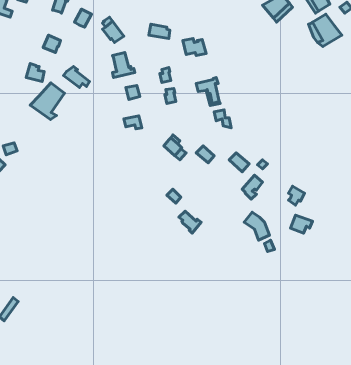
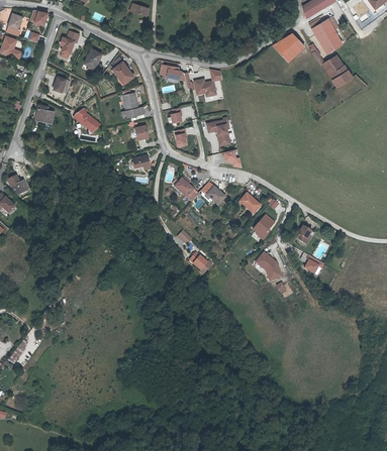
building: [30,83,64,119] -> none

